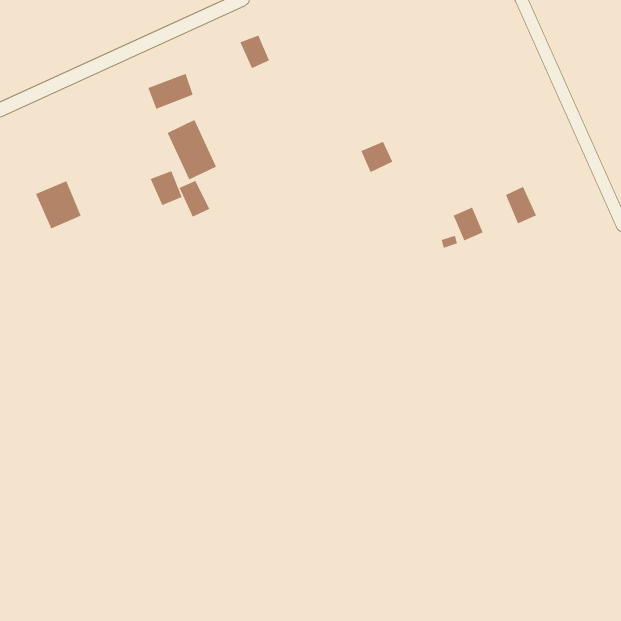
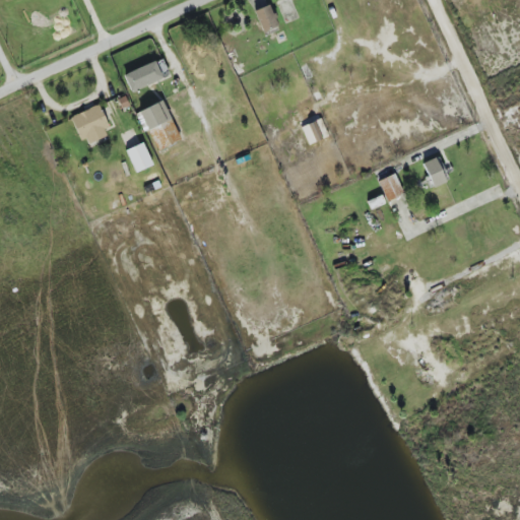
building: [239,35,270,69] -> [254,4,279,32]
building: [179,180,210,218] -> none
building: [35,181,81,229] -> [72,105,111,145]

